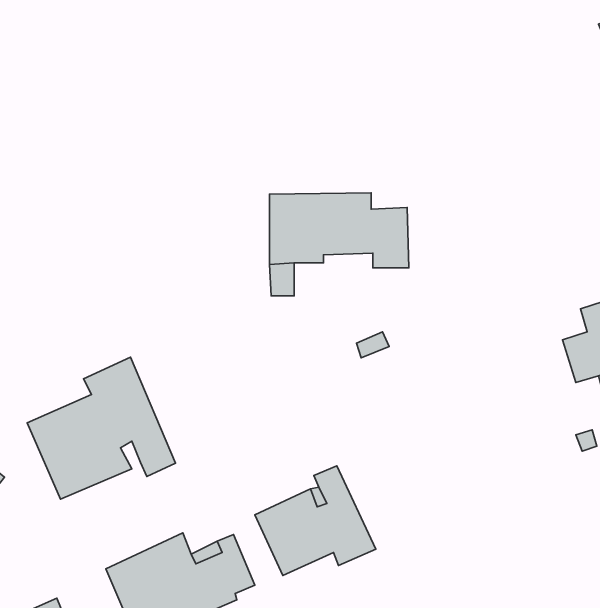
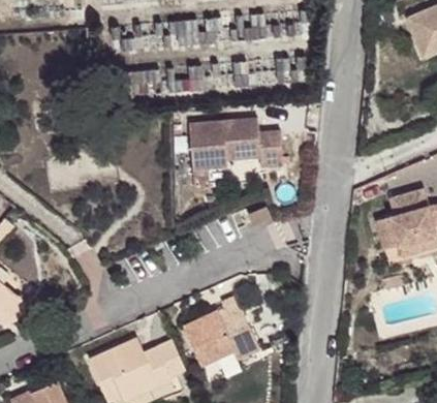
building: [27,357,175,499] -> none

